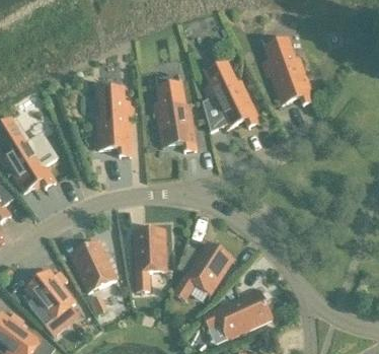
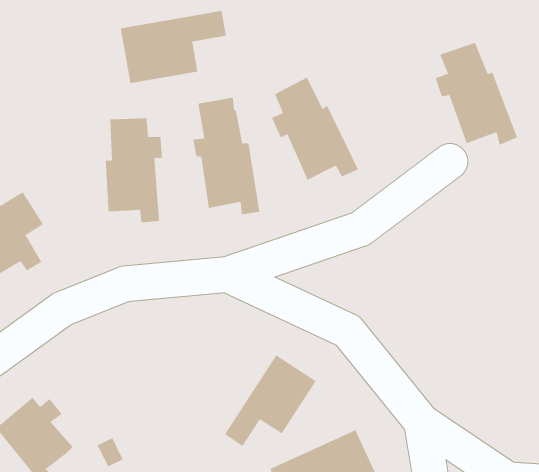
building: none -> [120,10,227,84]
building: [260,39,314,105] -> [435,42,518,145]
building: [133,229,166,292] -> none
building: [70,240,116,292] -> none

